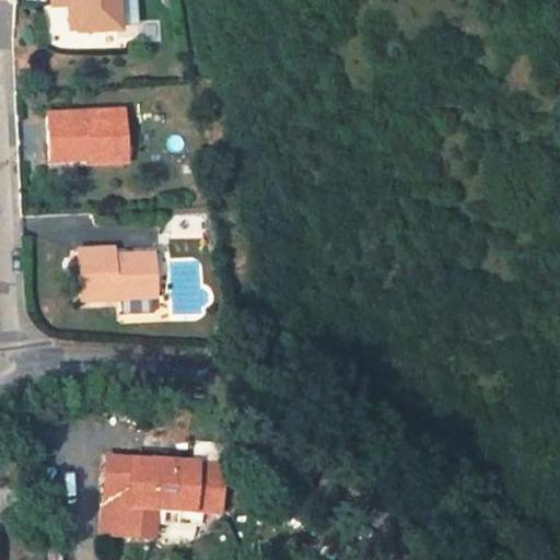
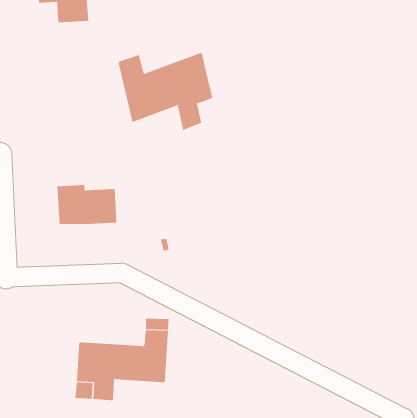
building: none -> [118,52,213,131]
building: [47,109,129,164] -> none

